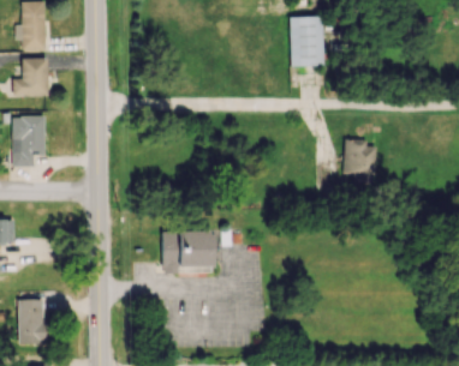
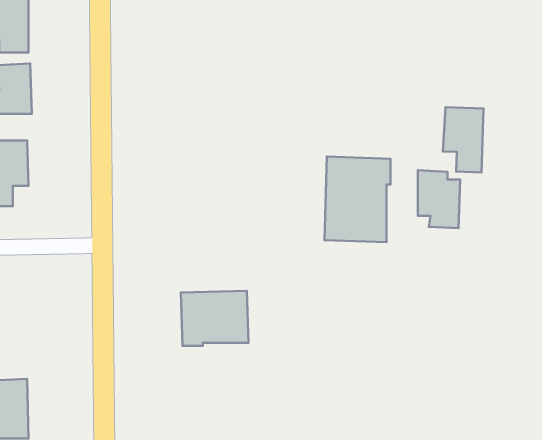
building: [290,17,324,66] -> none
building: none -> [443,107,483,172]
building: none -> [324,157,390,242]

